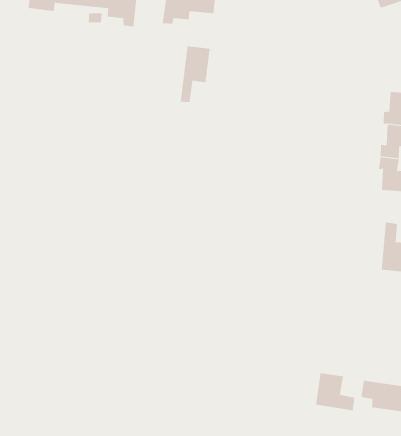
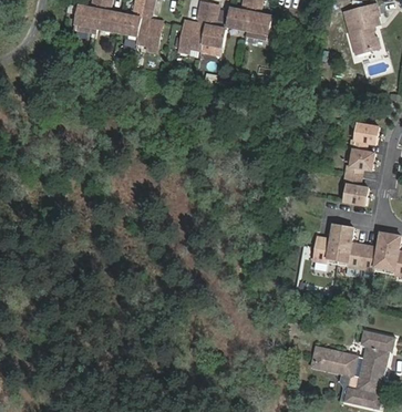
building: [180,45,210,103] -> none
building: none -> [312,222,343,260]
building: [316,372,355,411] -> none

